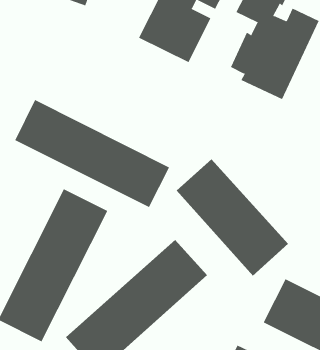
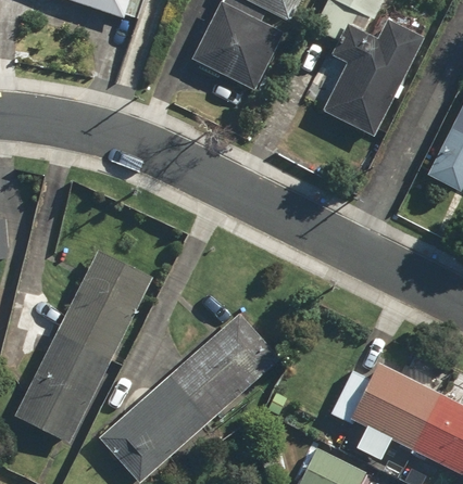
building: [14,99,170,208] -> none
building: [176,159,289,276] -> none

